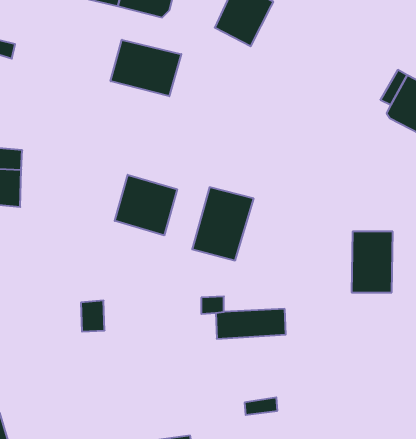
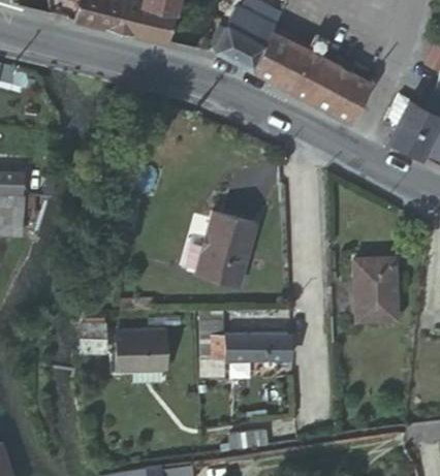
building: none -> [253,31,371,119]
building: [111,40,181,96] -> none
building: [115,175,177,235] -> none
building: none -> [115,332,165,369]

